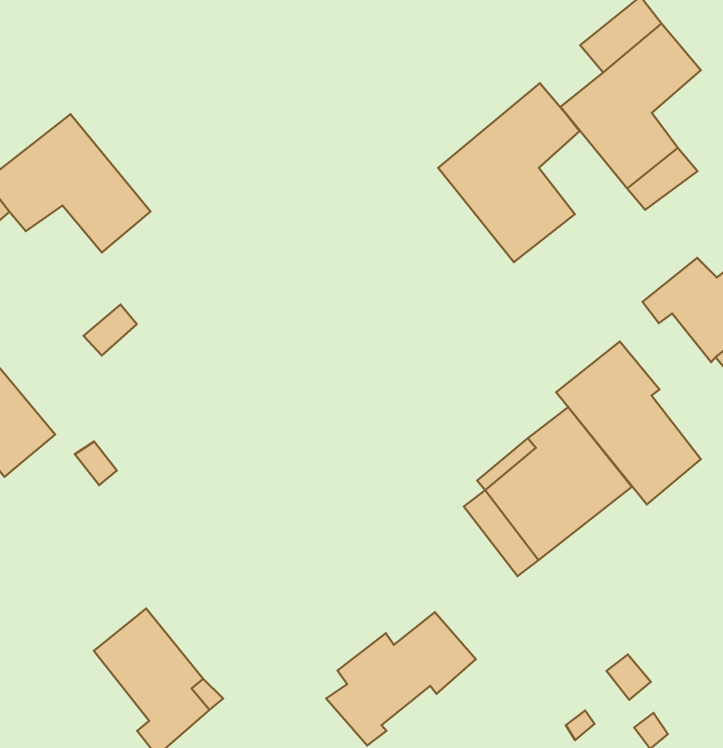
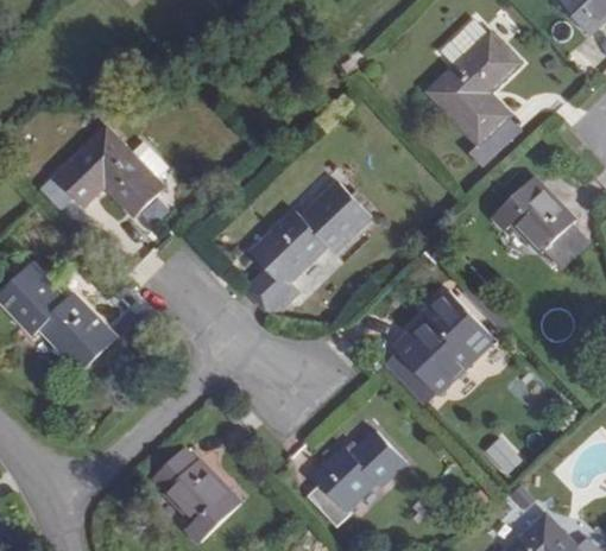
building: [438,83,579,262] -> none
building: none -> [241,182,370,316]
building: [556,341,701,504] -> none

